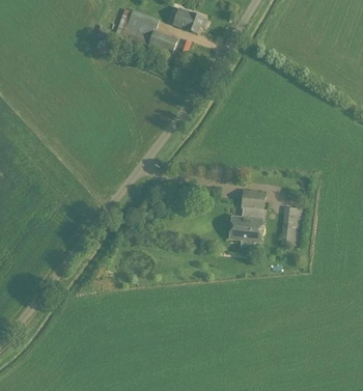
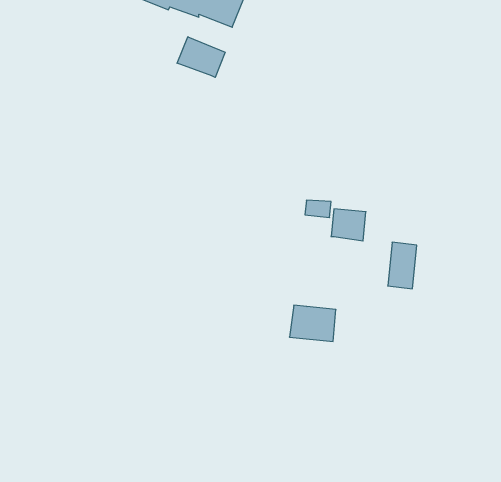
building: none -> [177,37,225,77]
building: [228,215,261,241] -> [289,305,336,341]

